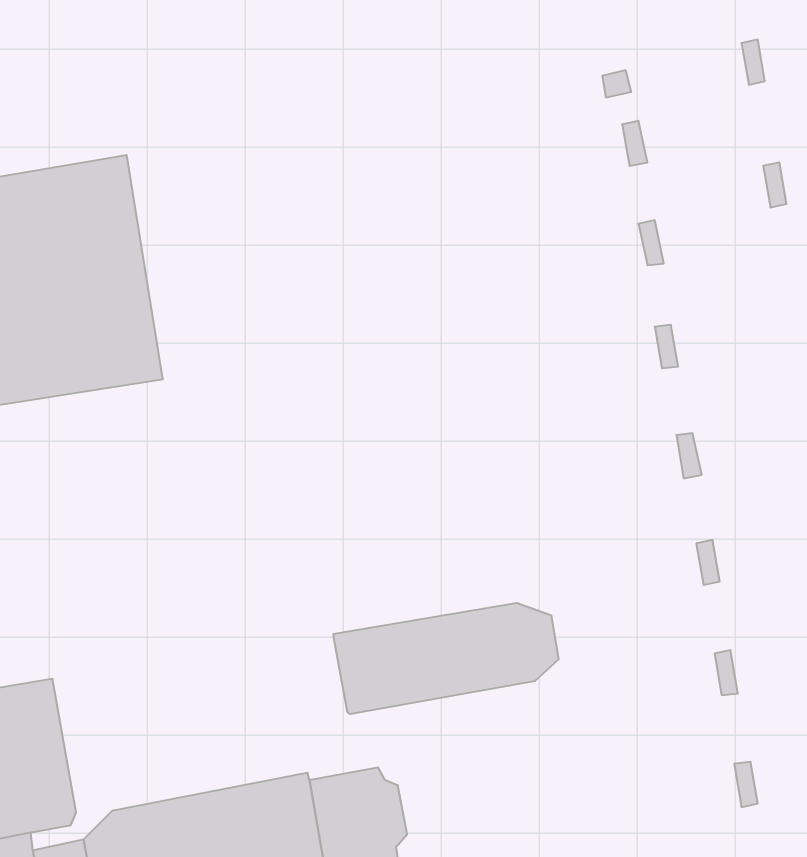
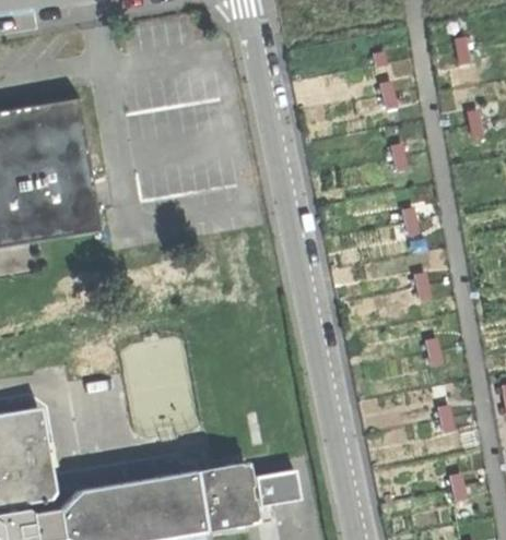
building: [333,603,558,714] -> none
building: none -> [245,475,281,509]

